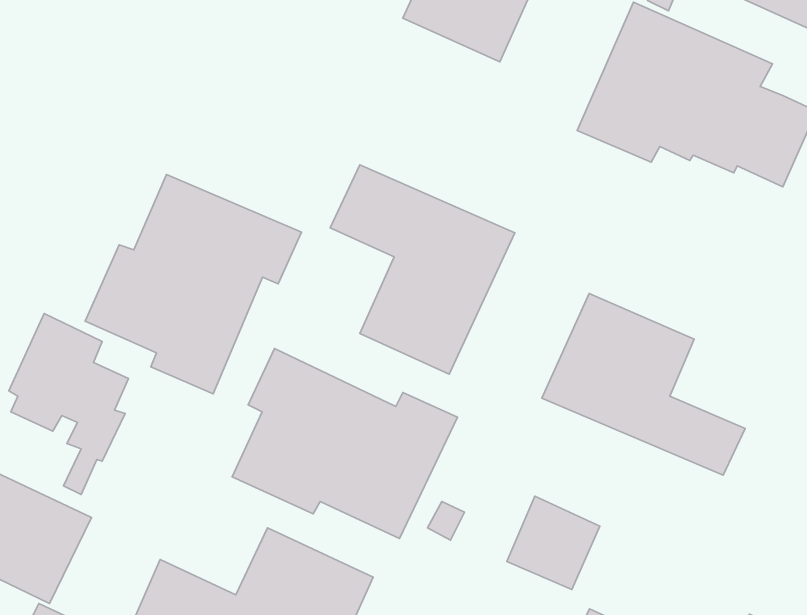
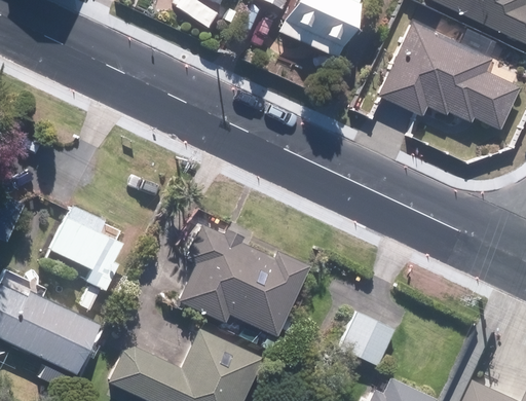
building: [330,165,515,374] -> none
building: [85,174,301,394] -> none
building: [542,294,745,475] -> none

